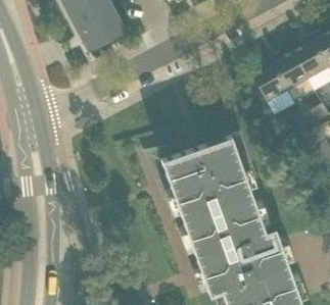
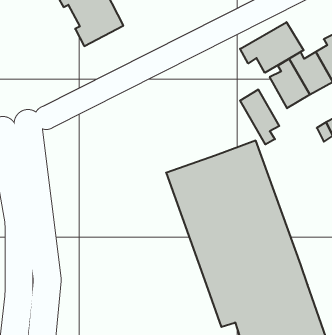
building: none -> [240,22,304,73]
building: none -> [240,89,279,144]

